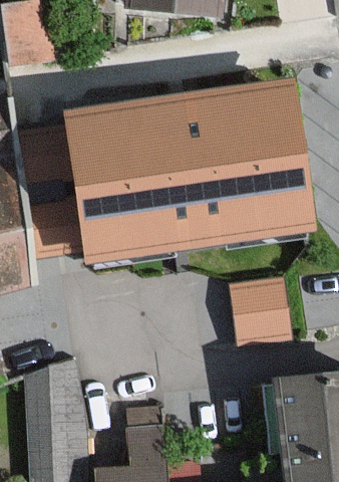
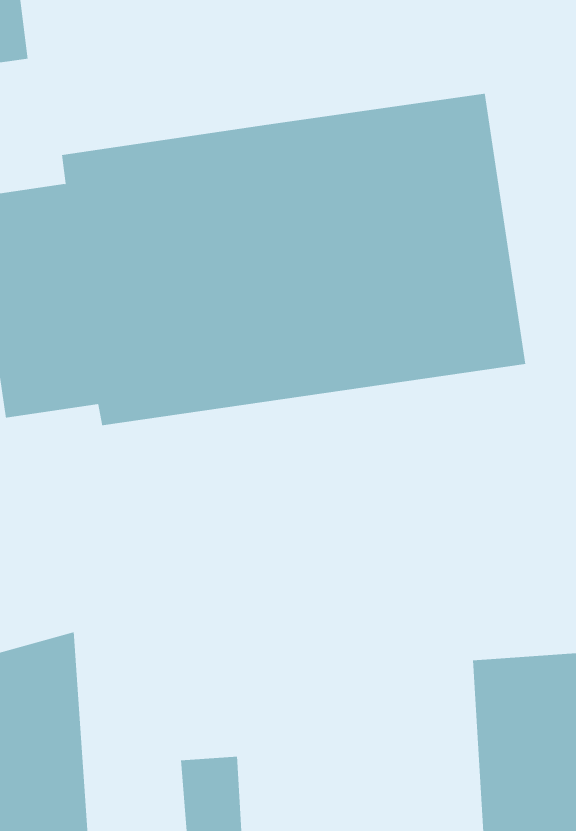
building: [230,270,296,334] -> none

